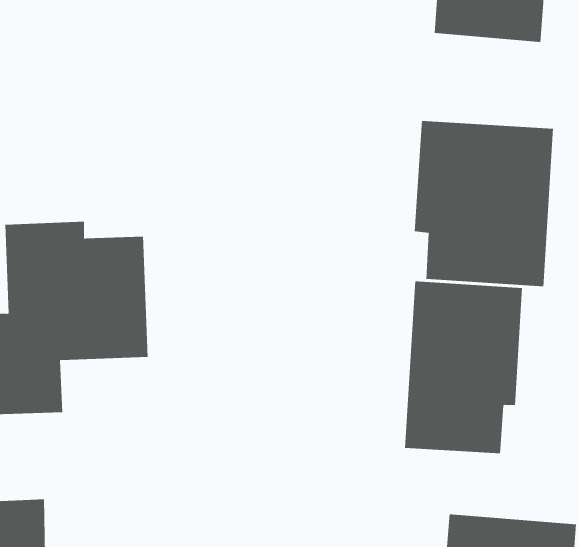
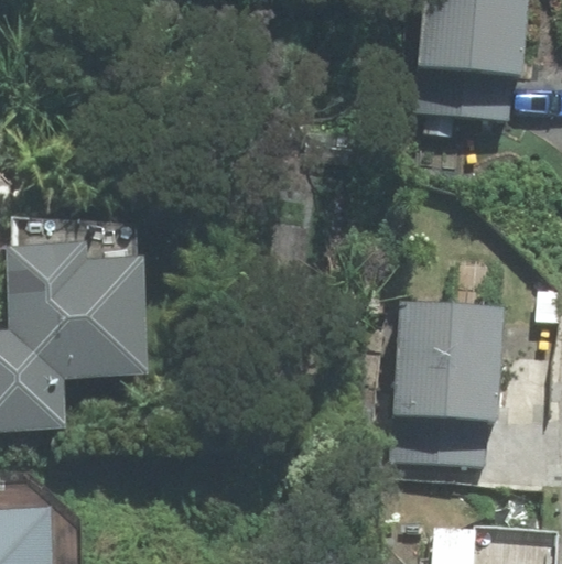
building: [414,120,554,287] -> none

